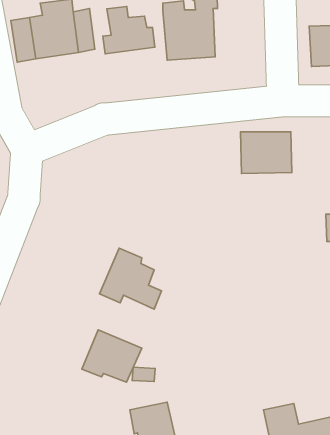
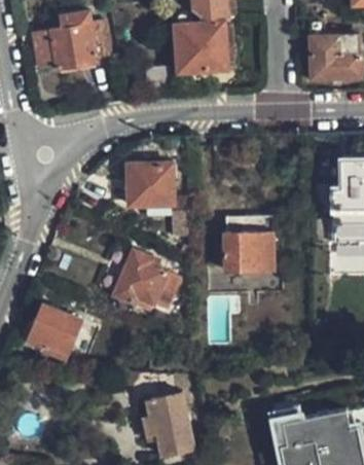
building: [103,6,155,54] -> none
building: [241,132,292,174] -> [223,227,271,266]
building: none -> [129,166,172,206]
building: [82,330,142,382] -> [26,301,82,351]

